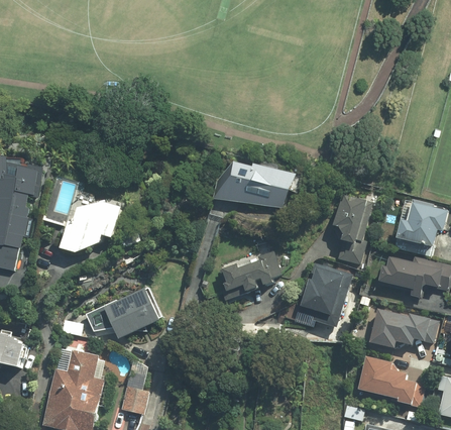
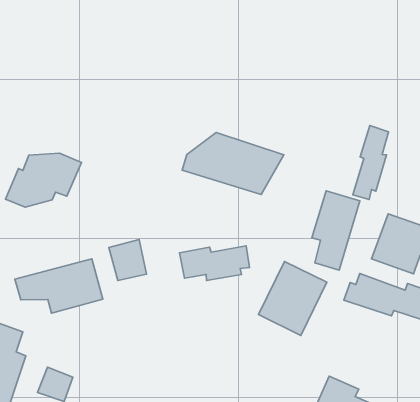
building: none -> [353,125,389,199]
building: none -> [109,239,147,281]
building: [371,309,434,347] -> none

